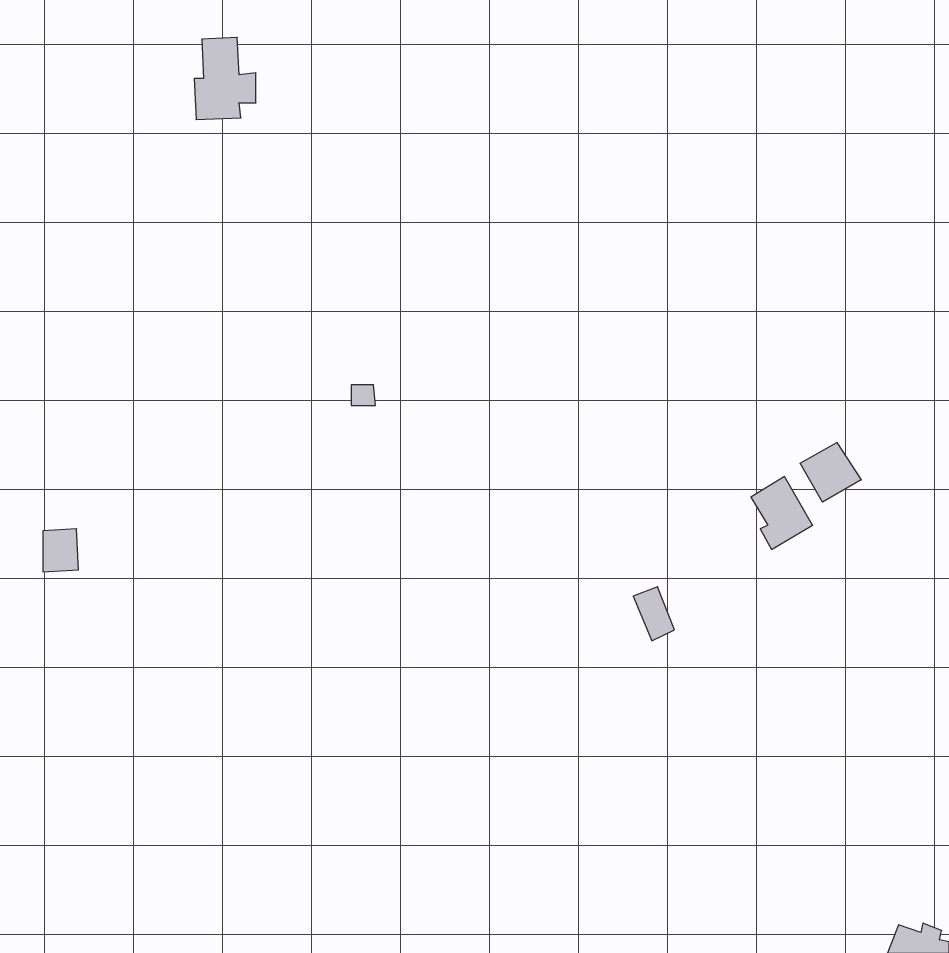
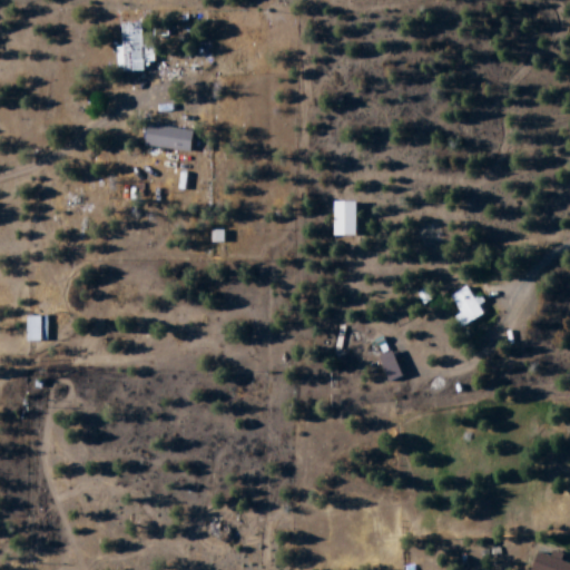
building: none -> [146,125,191,149]
building: none -> [334,200,357,235]
building: [800,442,861,502] -> none

